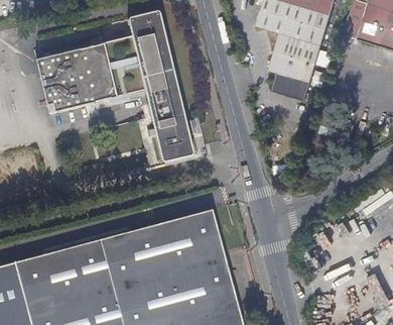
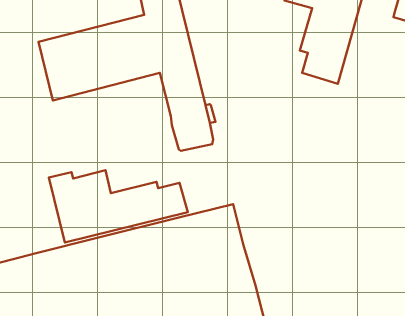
building: none -> [49,170,188,242]

